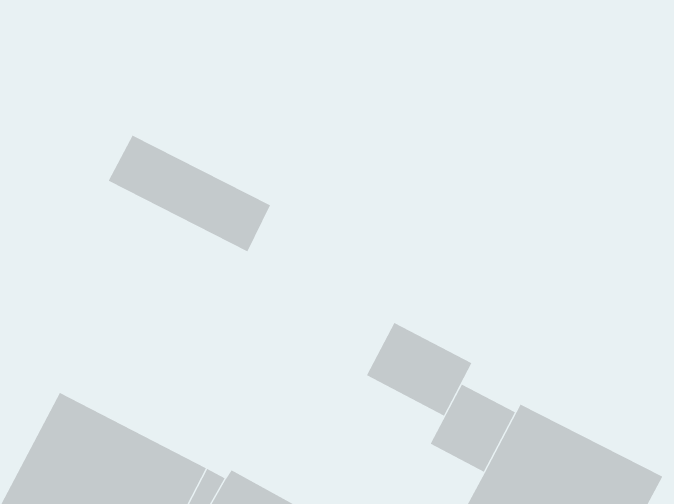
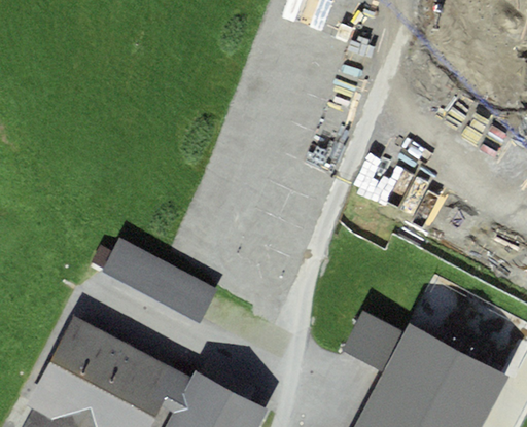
building: [108,135,271,252] -> [102,239,219,323]
building: [366,322,472,416] -> none

